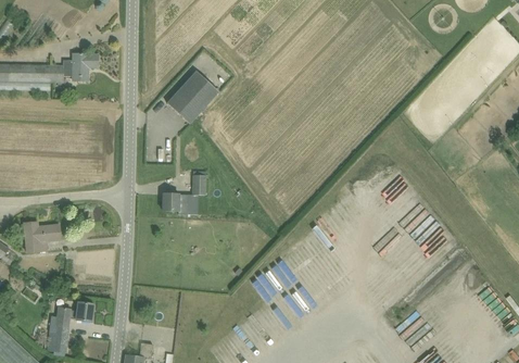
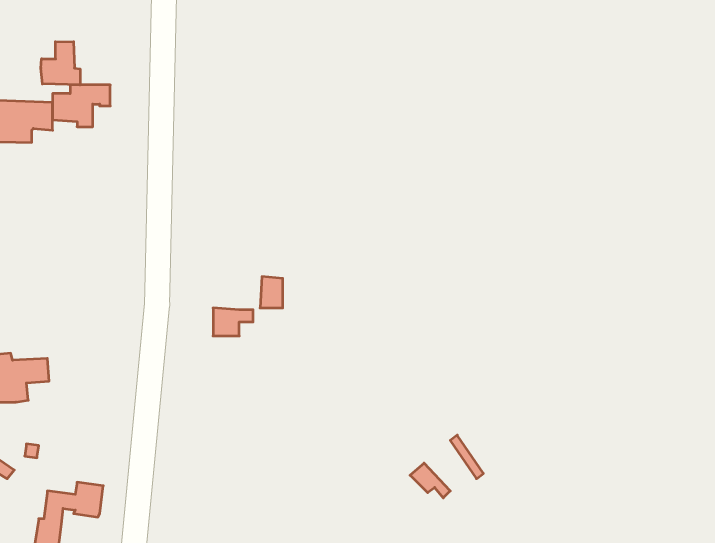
building: none -> [41,42,80,85]
building: [166,71,218,124] -> none

